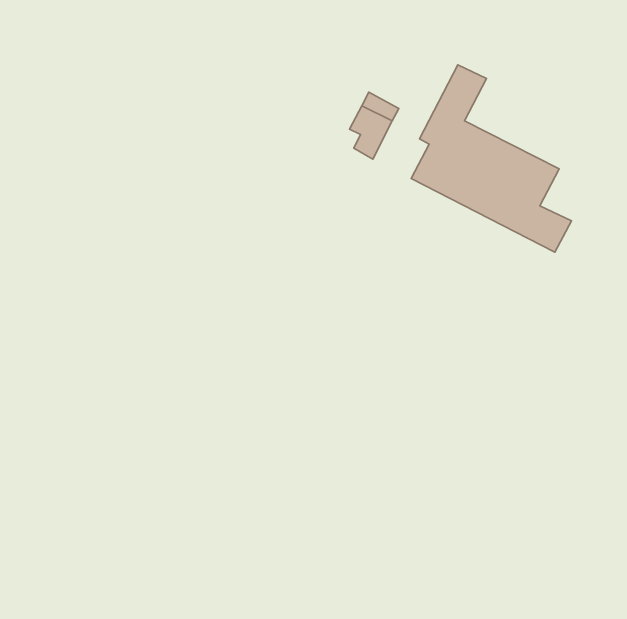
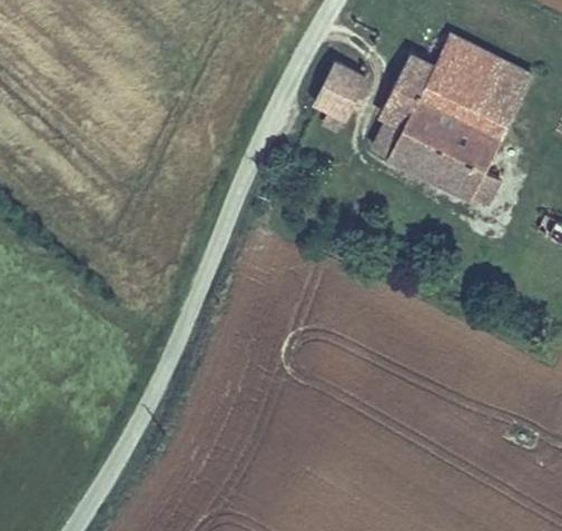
building: none -> [417,40,525,138]

